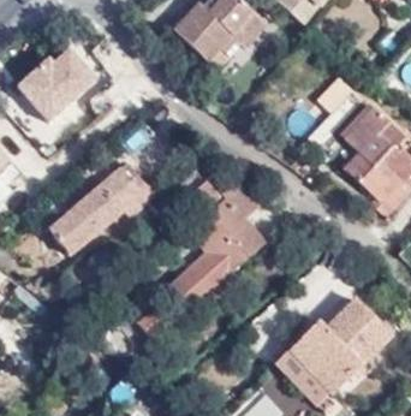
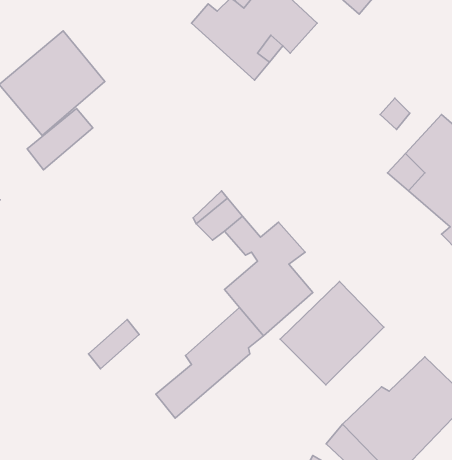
building: [48,173,153,254] -> none
building: none -> [280,282,384,385]

